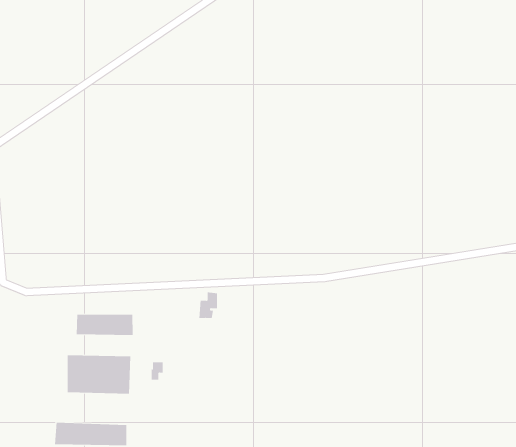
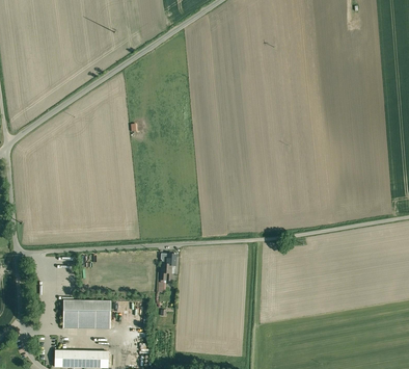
building: [76,314,133,336] -> none

